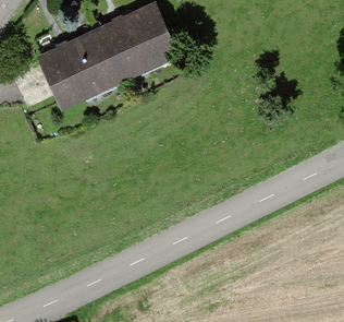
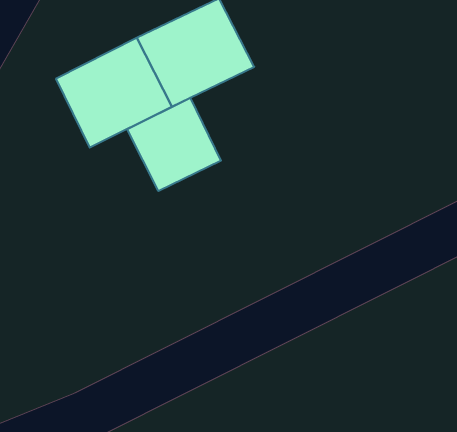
building: none -> [127,98,221,191]

